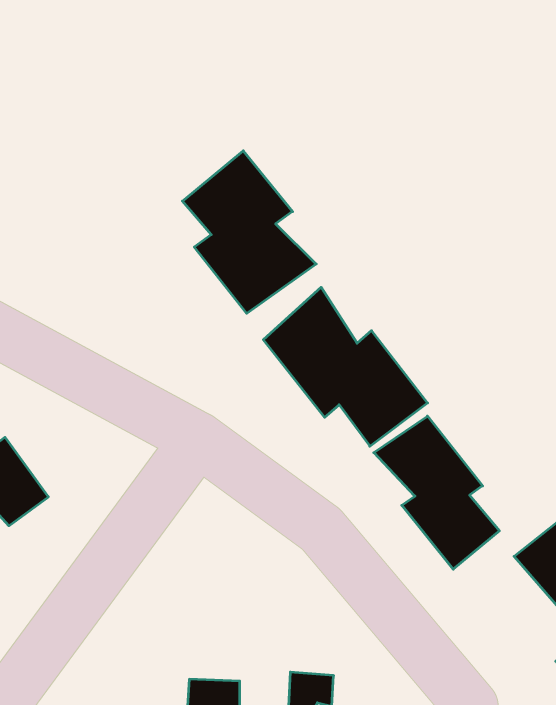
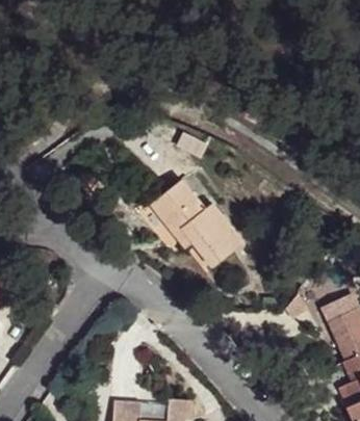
building: [182,151,316,313] -> none
building: [374,416,499,569] -> none

